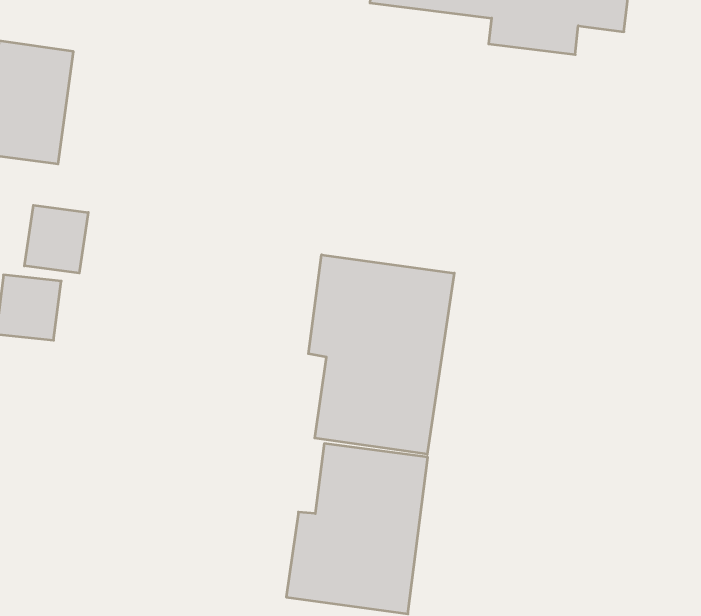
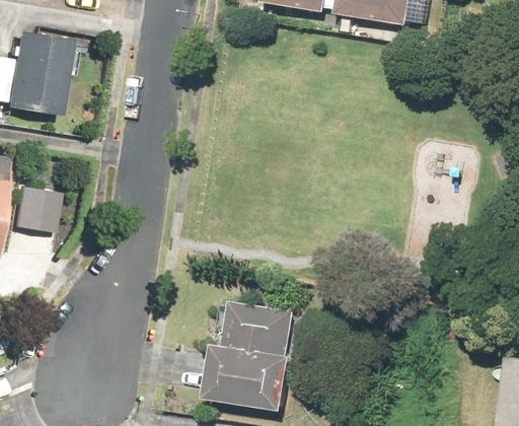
building: [24,205,88,273] -> none
building: [308,255,454,454] -> none

